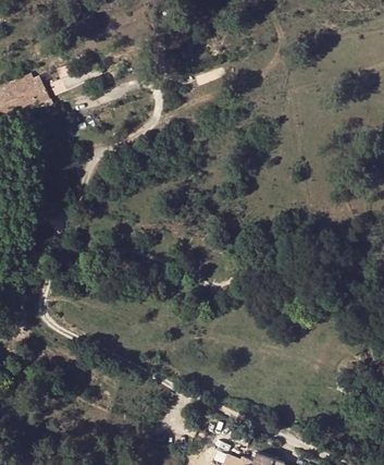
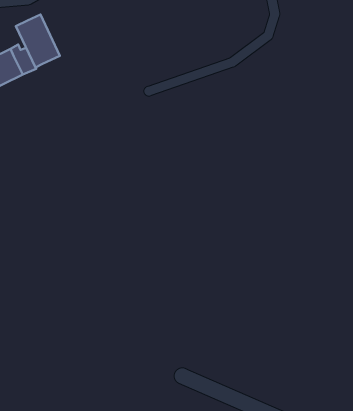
building: none -> [16,14,60,68]

